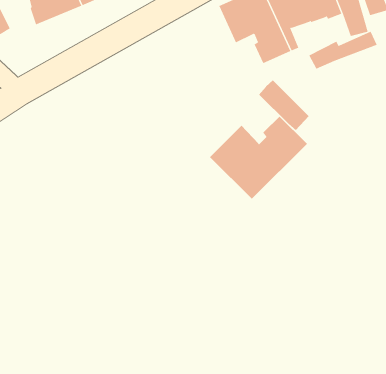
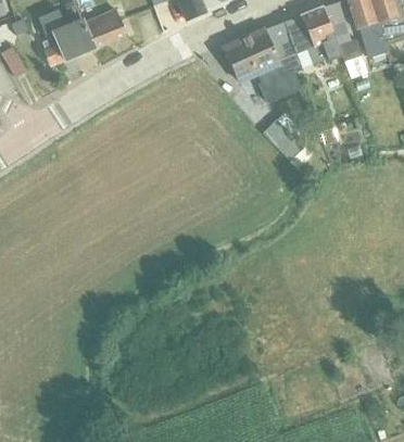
building: [308,31,377,70] -> none
building: [209,116,308,200] -> none

